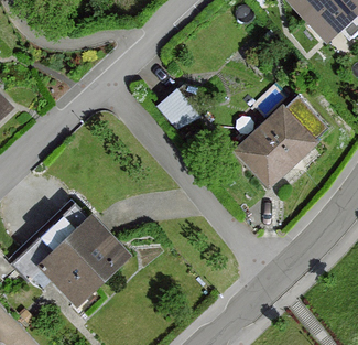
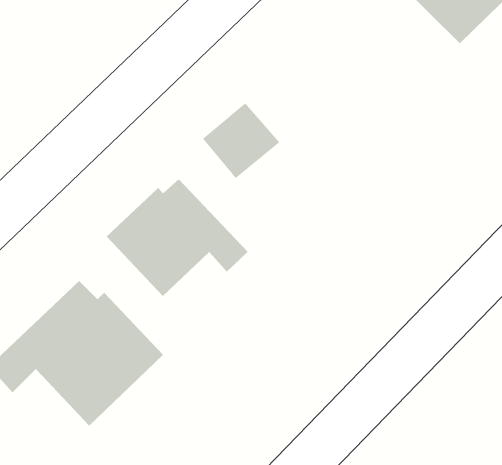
building: [230,107,314,192] -> none
building: none -> [106,178,249,297]

